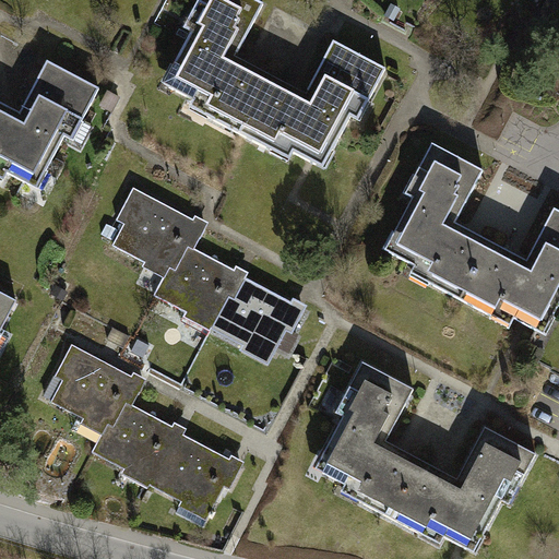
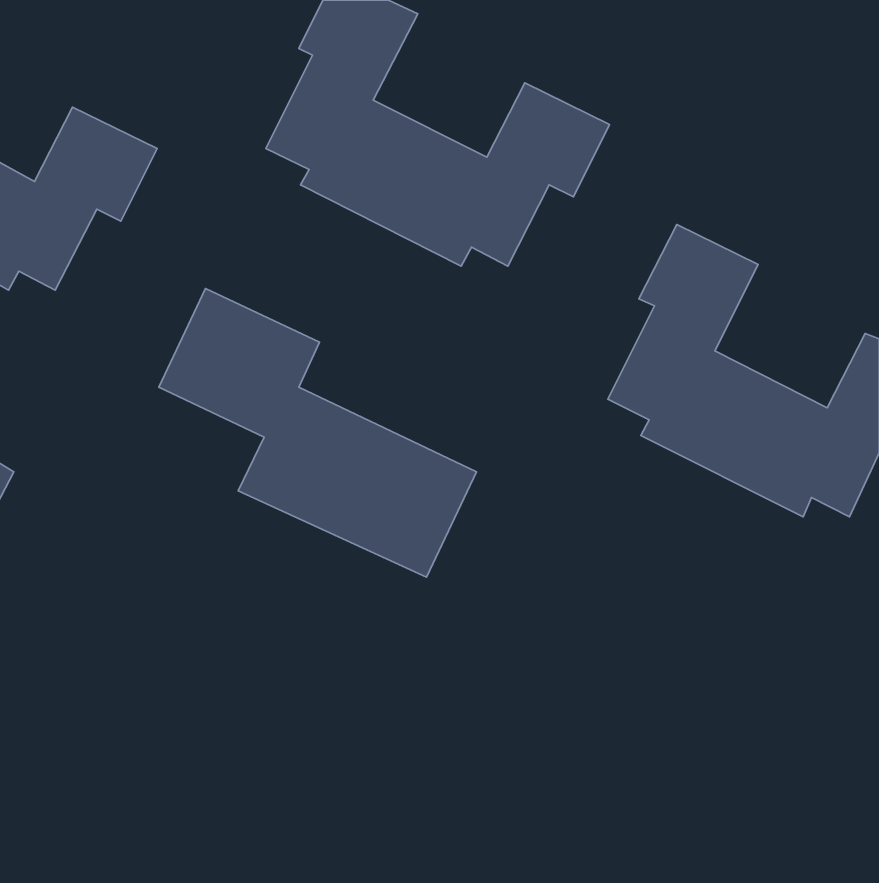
building: [44,342,243,518] -> none
building: [326,359,526,538] -> none

